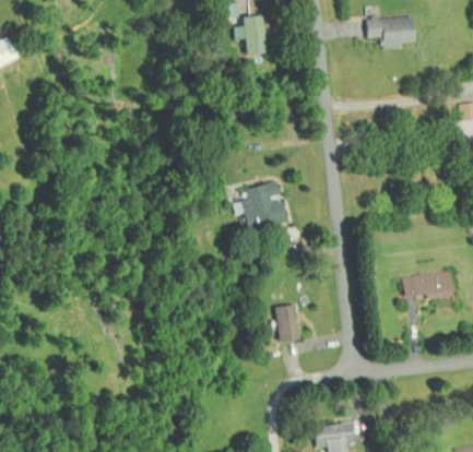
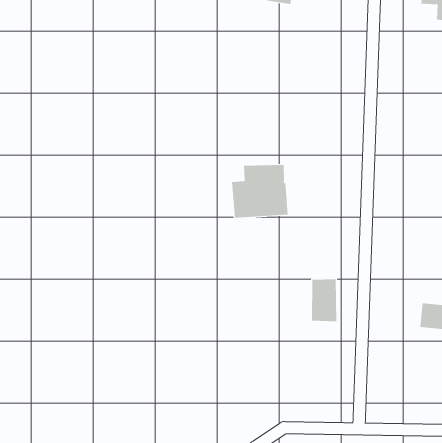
building: [275,304,300,340] -> [311,279,337,322]

